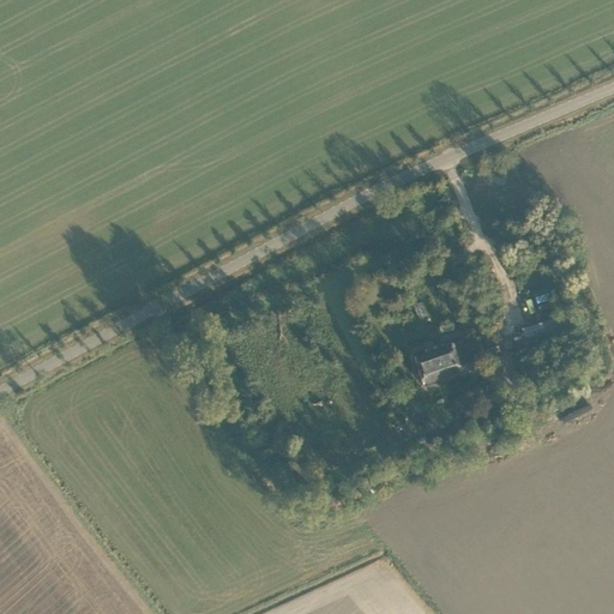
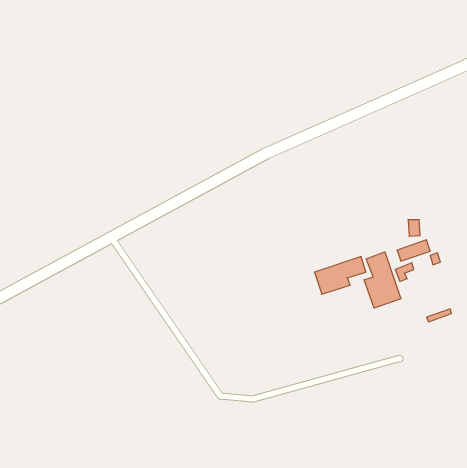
building: none -> [364,252,401,308]

